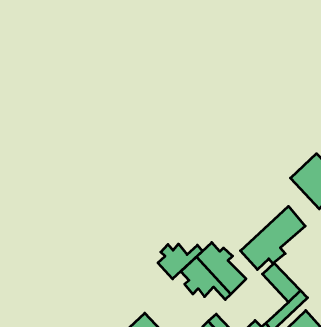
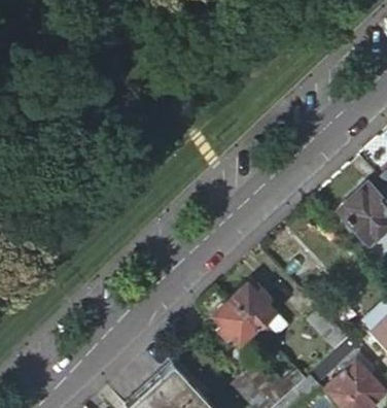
building: [240,206,305,270] -> none
building: [158,244,203,279] -> none

